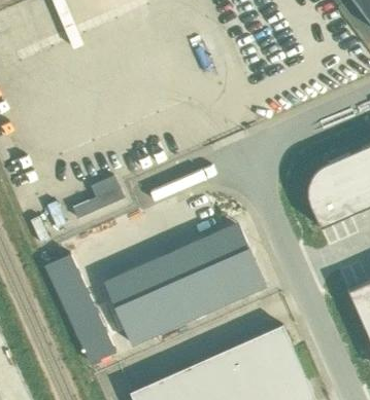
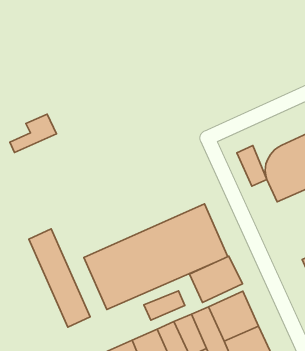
building: none -> [237,146,267,186]
building: [73,178,125,220] -> [10,114,56,152]
building: none -> [189,256,242,302]
building: none -> [144,291,185,320]

